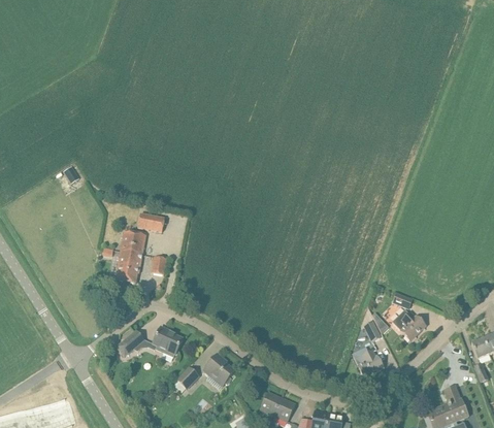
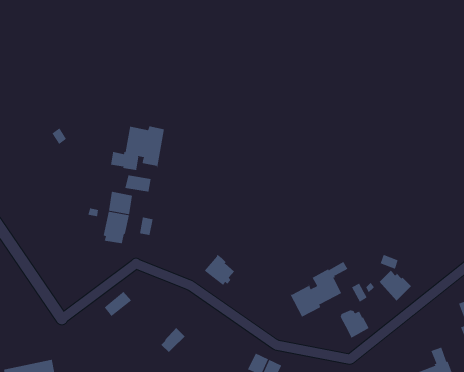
building: none -> [111,125,164,171]
building: none -> [290,261,348,317]
building: [153,326,183,356] -> none
building: [203,353,234,385] -> [204,254,235,286]

